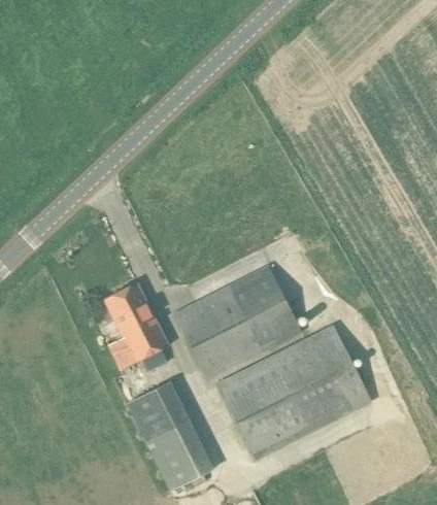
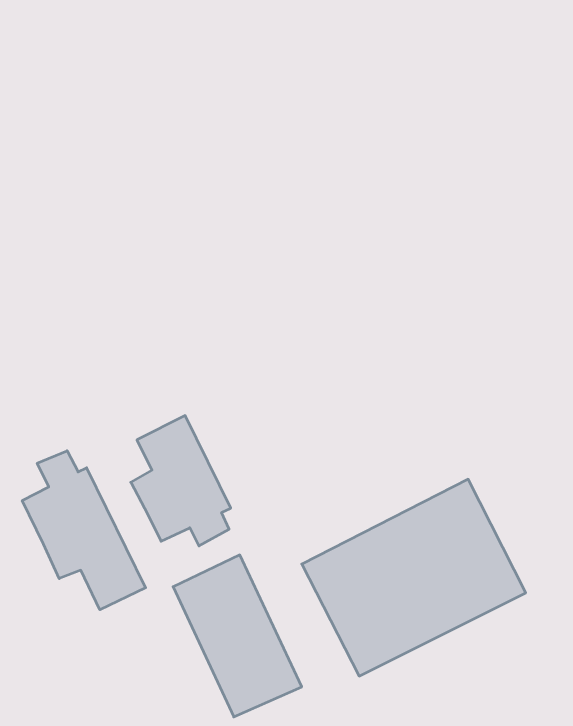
building: [175,265,301,381] -> none
building: none -> [22,451,146,610]

